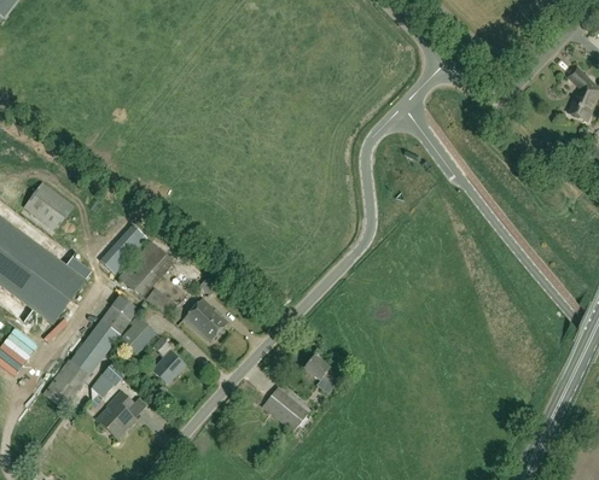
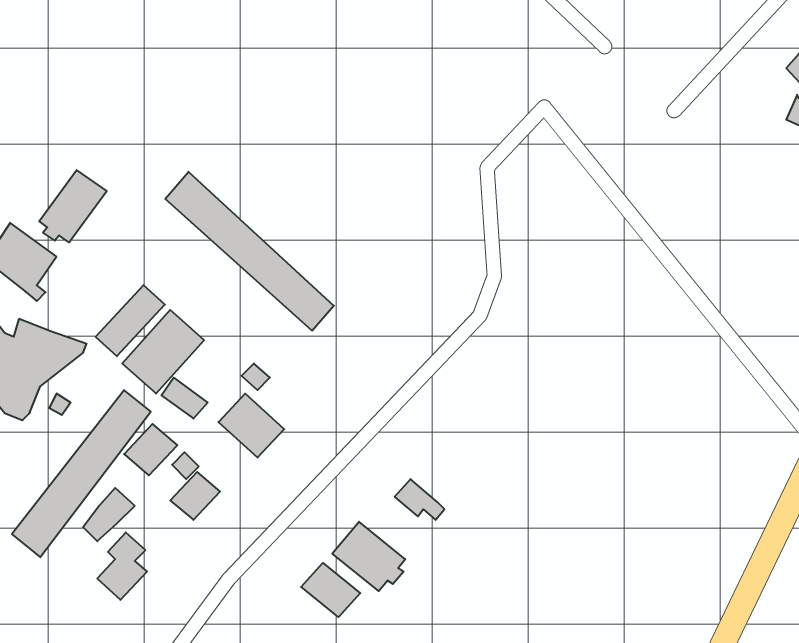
building: none -> [39,170,107,242]
building: none -> [165,172,334,331]
building: none -> [301,563,360,617]

